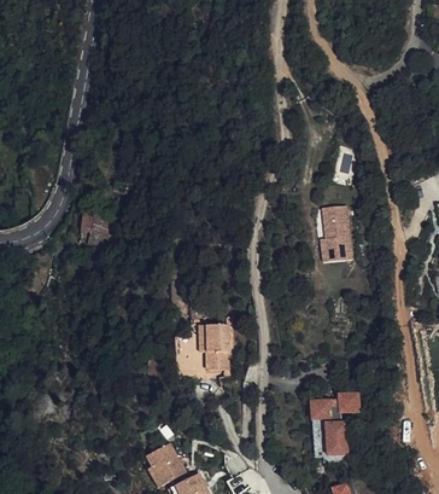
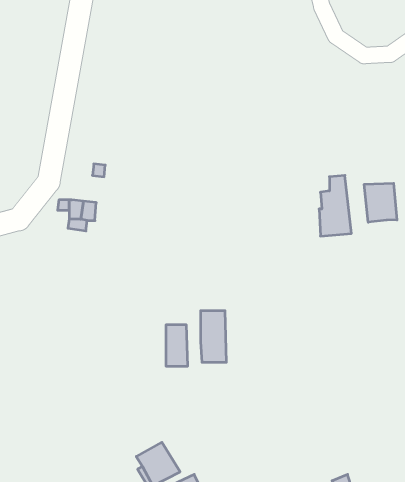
building: none -> [364,183,397,222]
building: [311,389,359,458] -> none

